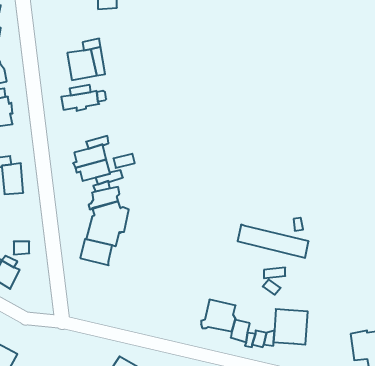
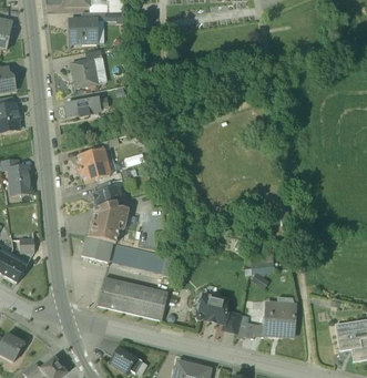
building: none -> [68,18,95,43]
building: [238,225,309,258] -> [109,242,175,273]
building: none -> [99,276,167,319]

